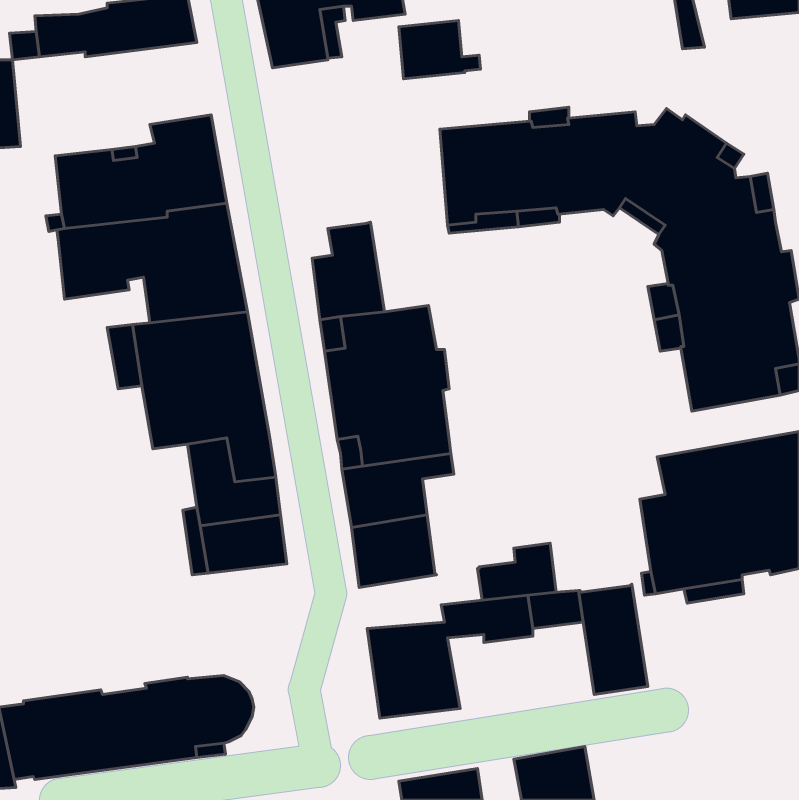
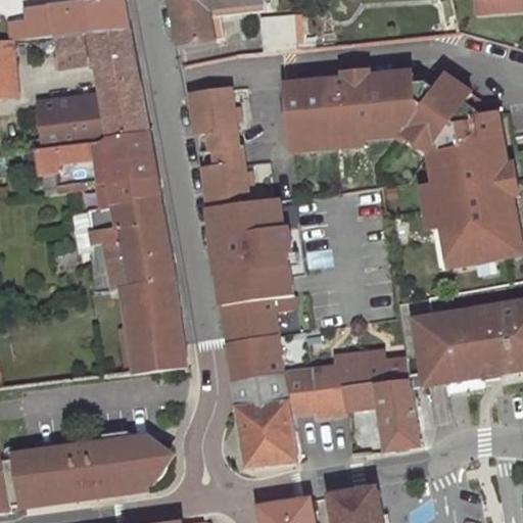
building: none -> [55,28,137,81]
building: none -> [189,88,237,149]
building: none -> [356,350,408,384]
building: none -> [233,369,313,408]

